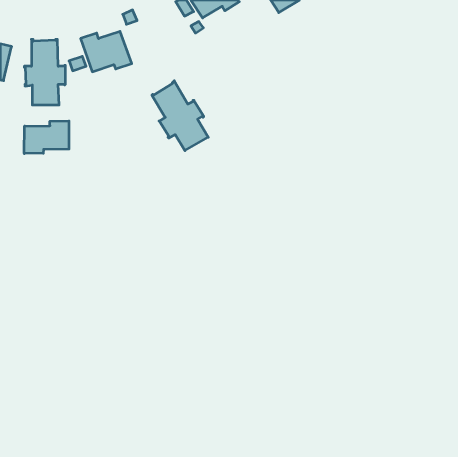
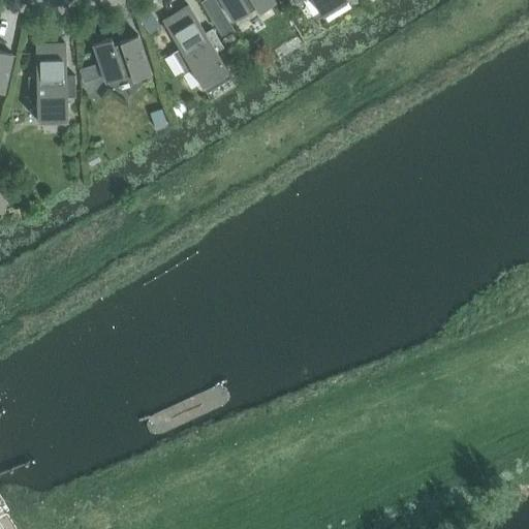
building: [152,81,208,151] -> [164,7,229,88]
building: [24,121,69,154] -> none

